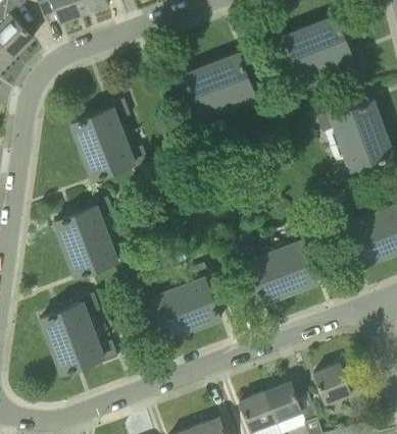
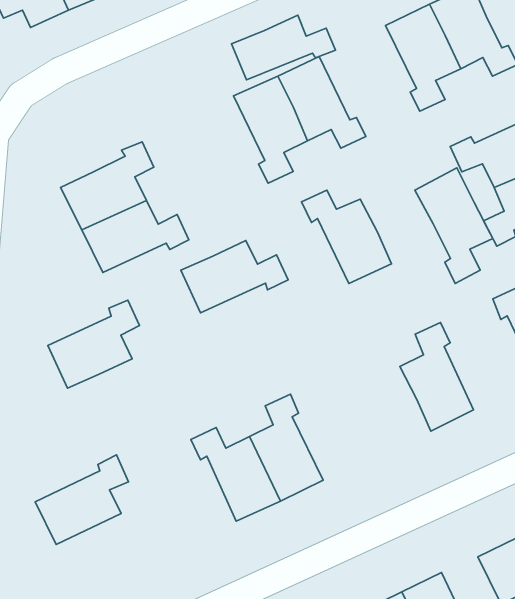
building: none -> [232,15,336,80]
building: none -> [415,168,493,283]
building: [65,233,132,276] -> [181,241,288,313]
building: [237,243,290,303] -> [302,190,391,283]
building: [51,329,117,373] -> none

